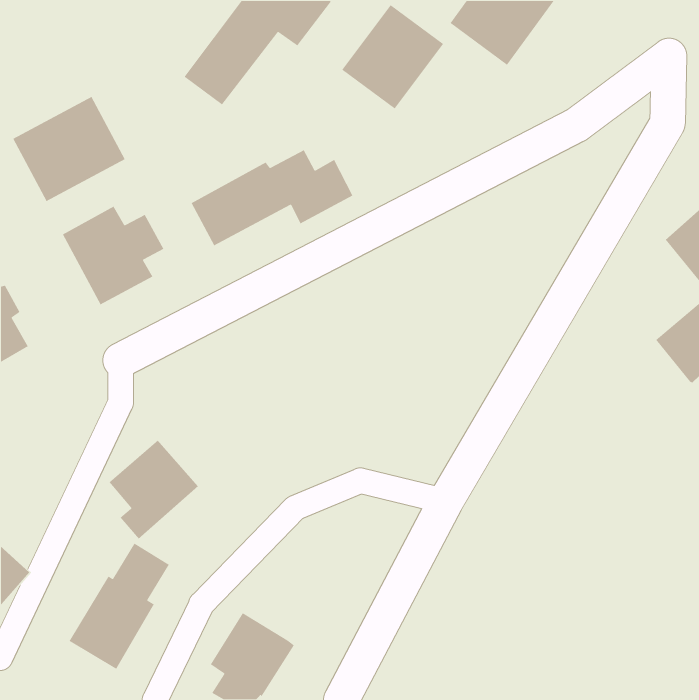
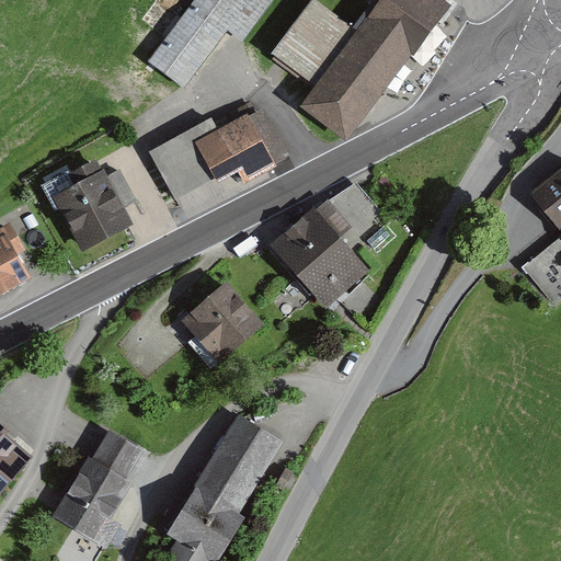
building: none -> [302,19,407,131]
building: [12,96,126,202] -> none
building: none -> [273,190,387,301]
building: [108,440,199,540] -> [184,287,256,367]
building: none -> [195,422,274,512]

